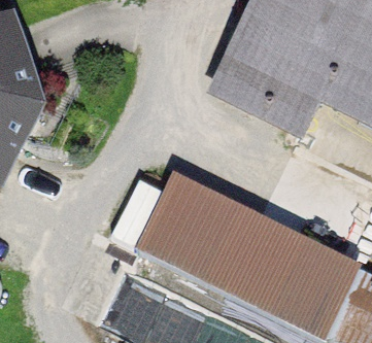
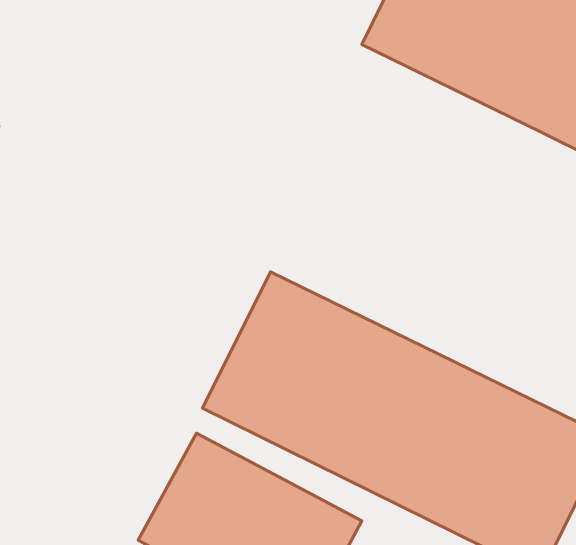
building: [205,54,320,141] -> none

